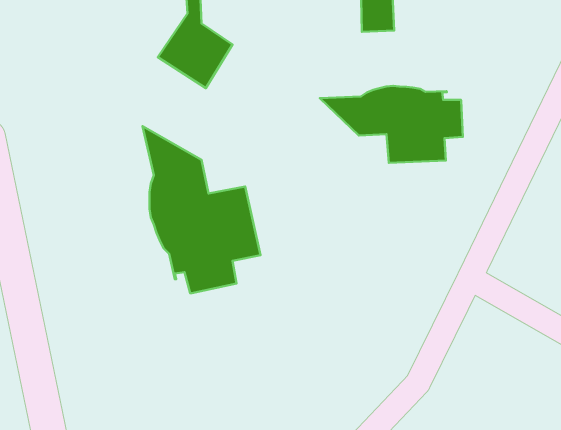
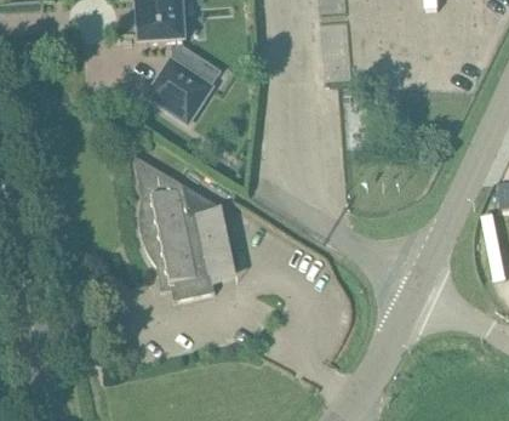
building: [320,86,463,163] -> none

